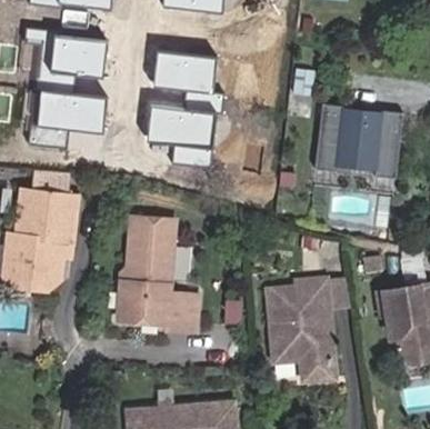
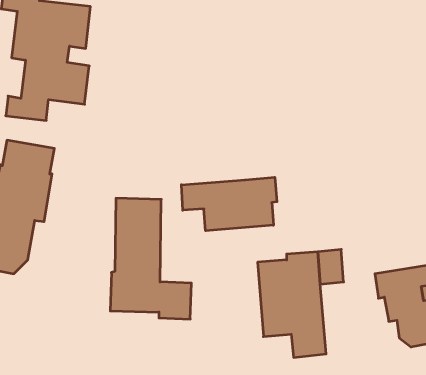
building: [141,49,222,169] -> none
building: [314,100,402,174] -> none
building: none -> [181,177,277,231]

